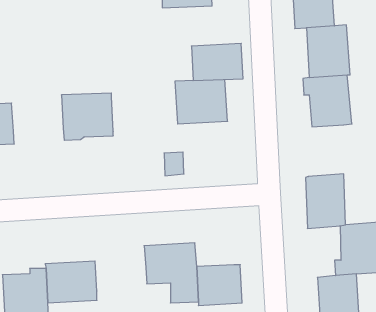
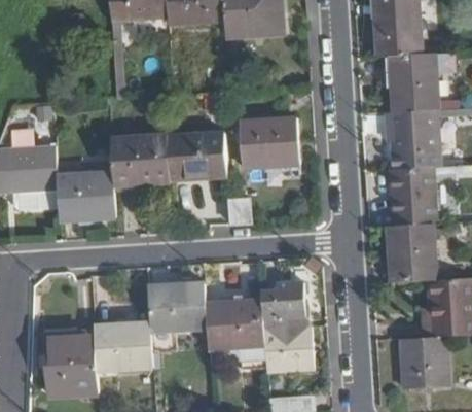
building: [191,43,243,81] -> [168,133,226,175]
building: none -> [387,168,434,227]
building: none -> [57,172,115,219]
building: none -> [262,282,306,329]
building: none -> [147,285,207,356]

